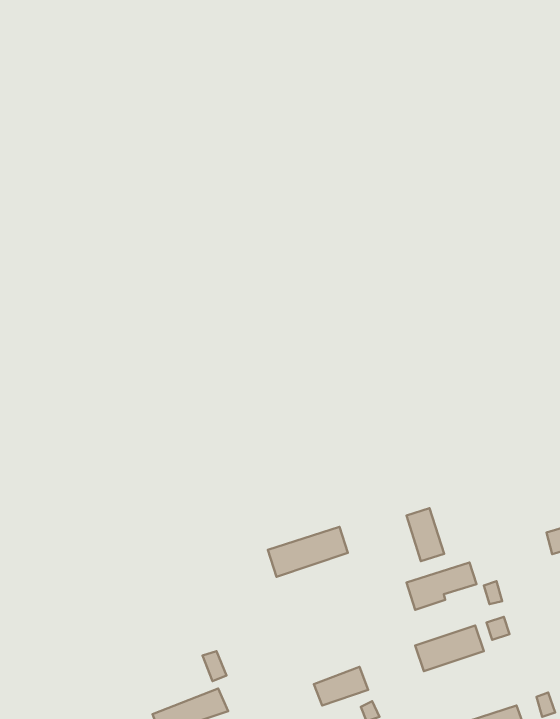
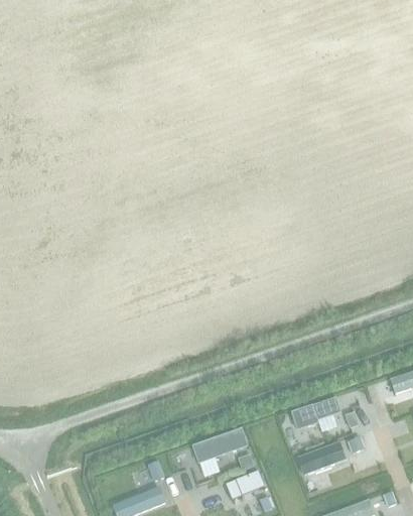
building: [406,508,444,561] -> none
building: [268,527,348,577] -> [191,428,248,464]

